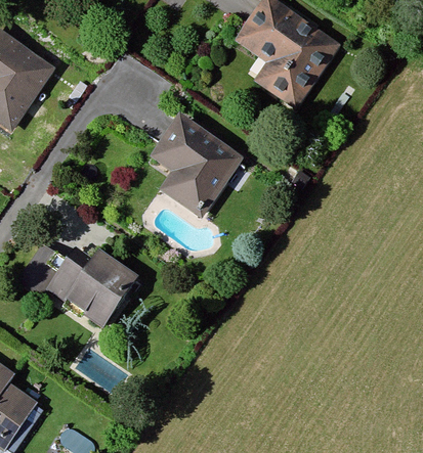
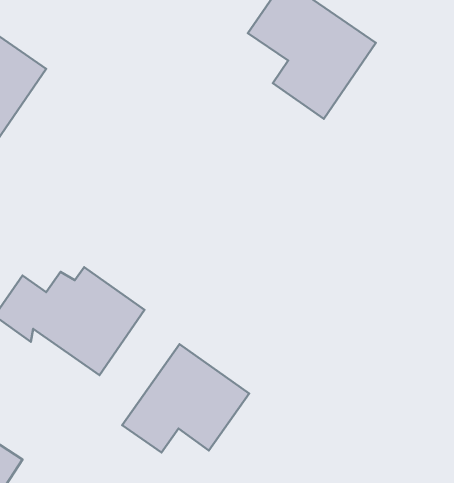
building: [149,114,246,222] -> none
building: none -> [122,344,249,453]

